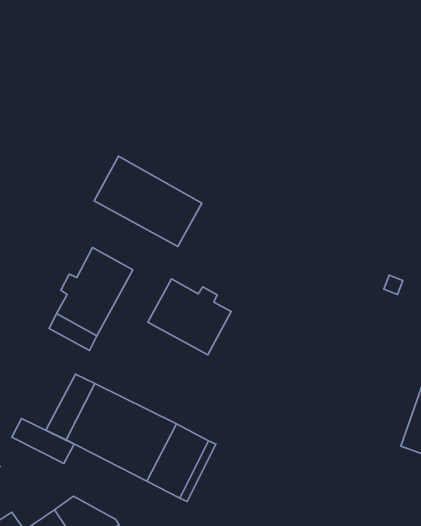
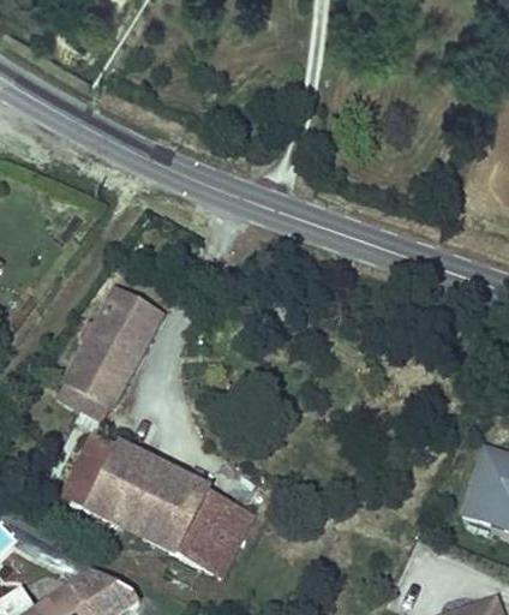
building: [94,156,202,247] -> none
building: [148,279,231,355] -> none
building: [12,418,74,463] -> none

